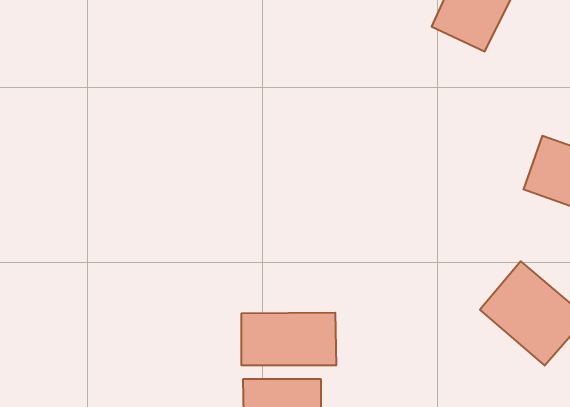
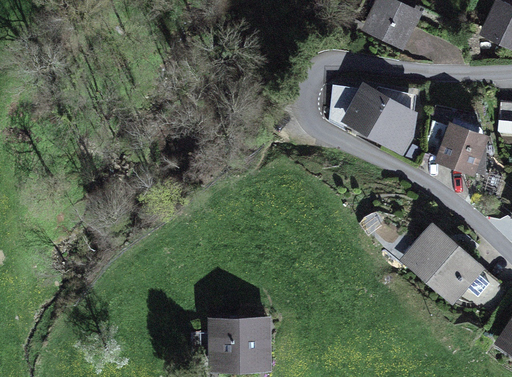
building: none -> [340,81,418,157]
building: [241,313,336,365] -> none

